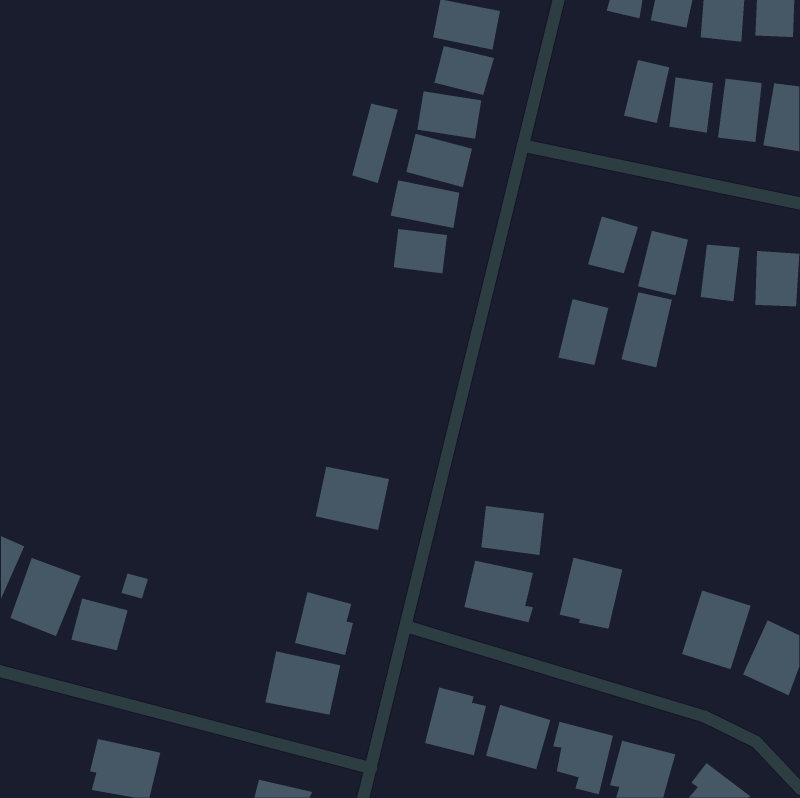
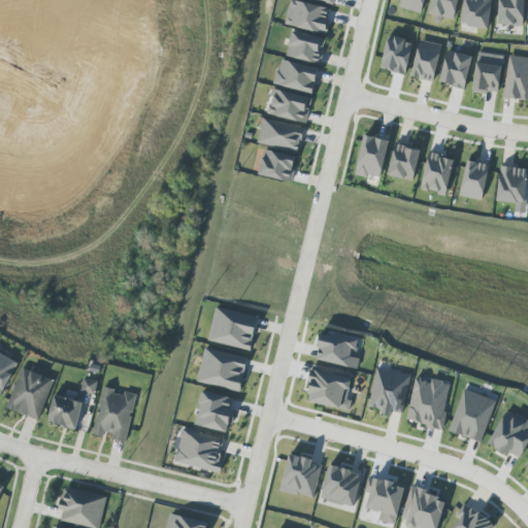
building: none -> [380,35,414,74]
building: [351,103,398,184] -> none
building: [621,291,672,368] -> none
building: [558,298,609,366] -> [355,134,389,178]
building: none -> [197,348,248,391]
building: none -> [405,375,451,428]
building: none -> [93,388,136,440]

